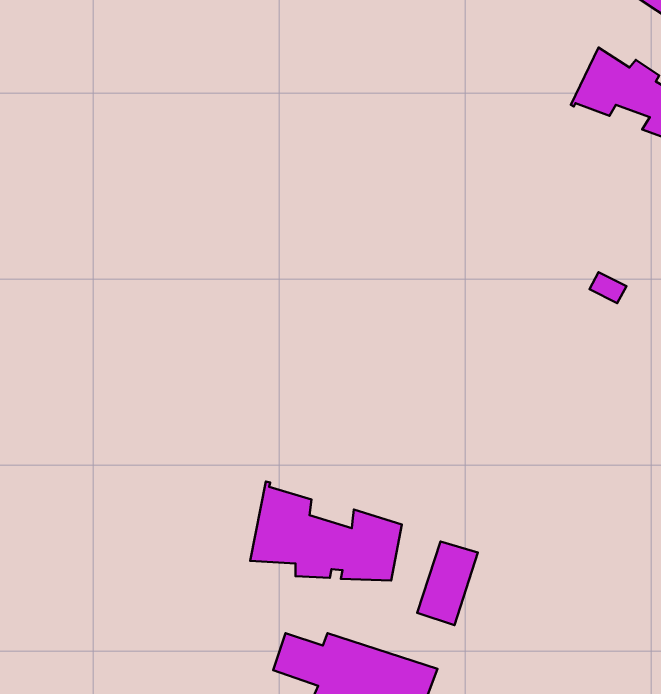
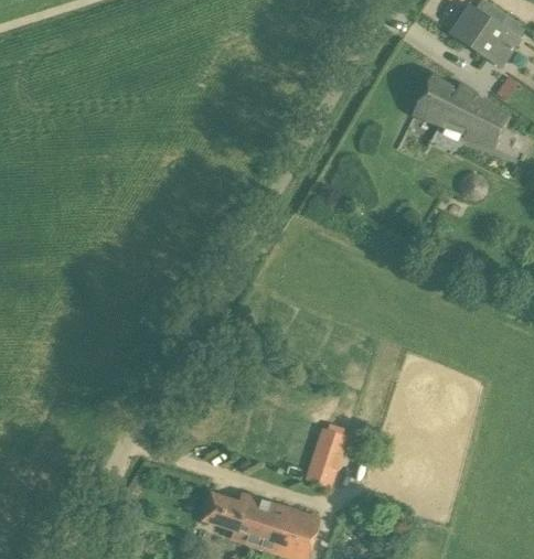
building: [250,482,402,581] -> none

